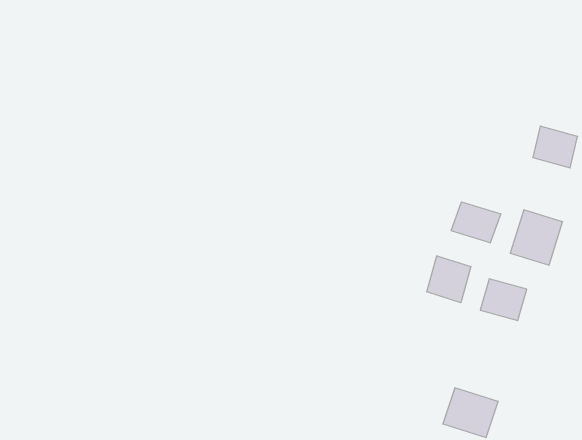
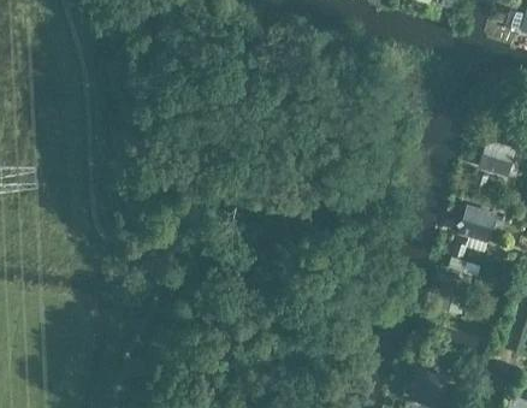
building: [451,202,501,243] -> none
building: [427,256,471,303] -> none

